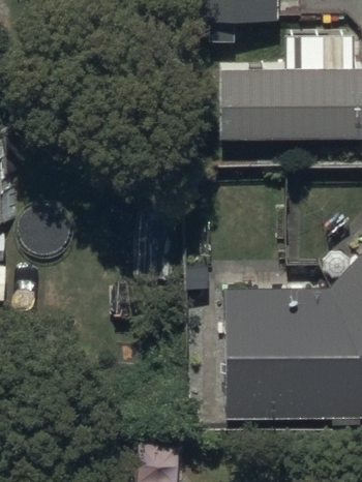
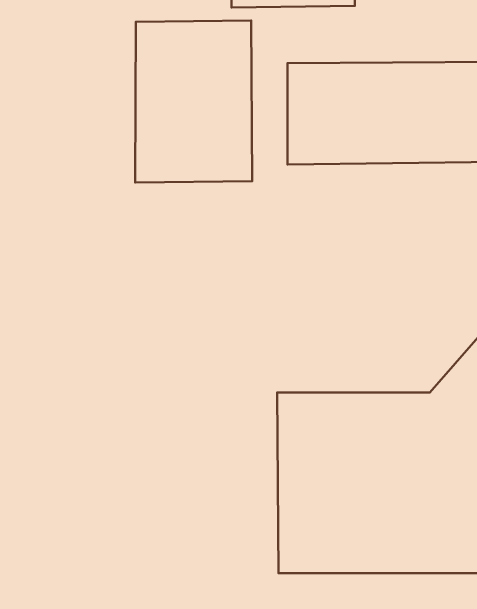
building: none -> [135,21,252,183]

